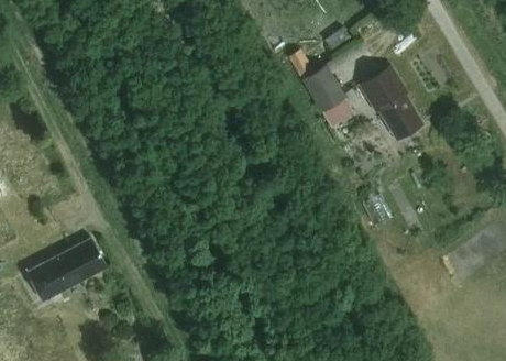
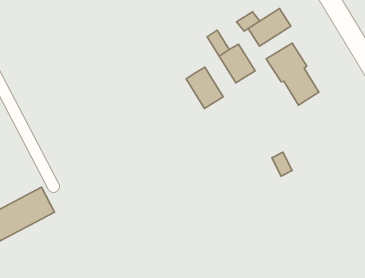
building: none -> [248,9,291,46]
building: none -> [186,67,223,108]

